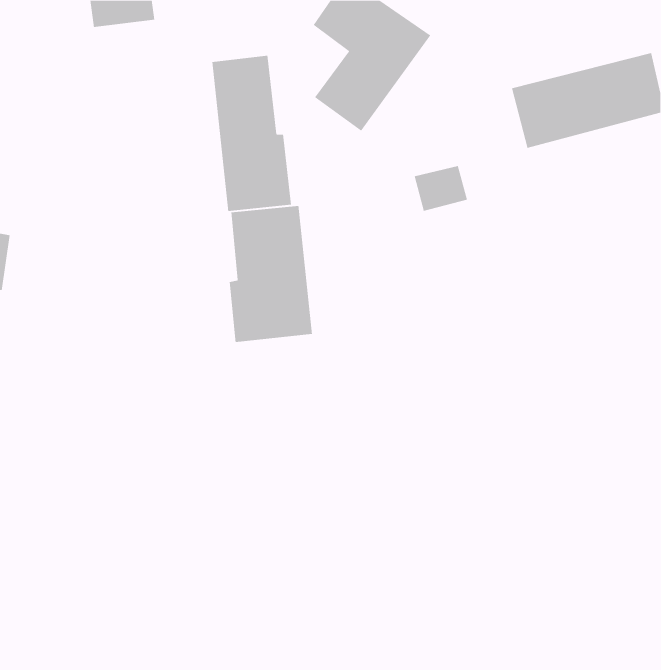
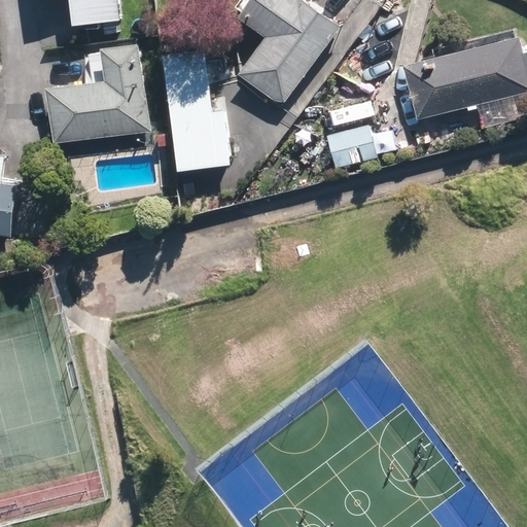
building: none -> [51,55,146,140]
building: [229,205,312,343] -> none

